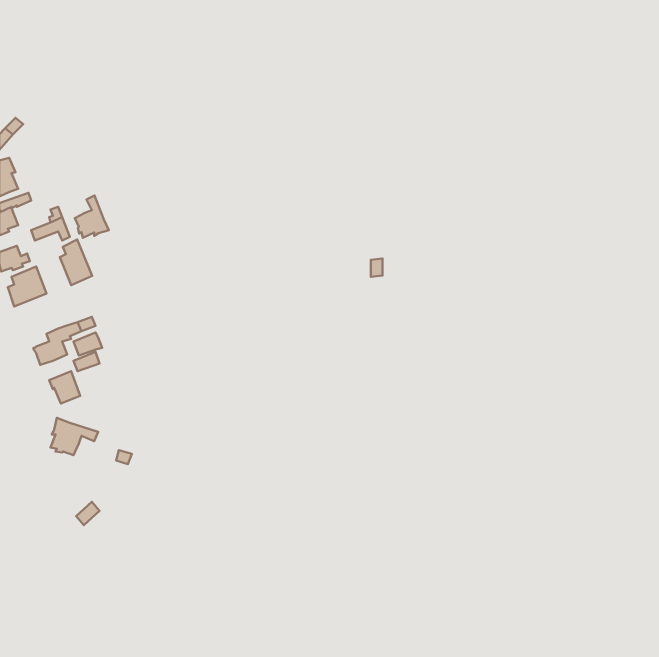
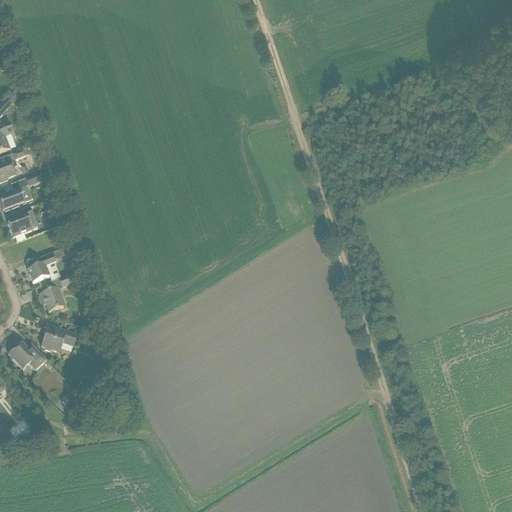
building: [75,196,109,238] -> none
building: [60,239,92,285] -> none
building: none -> [7,341,45,370]

